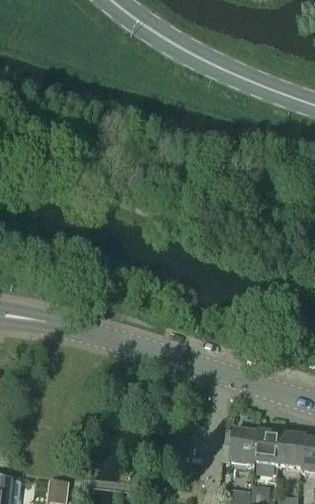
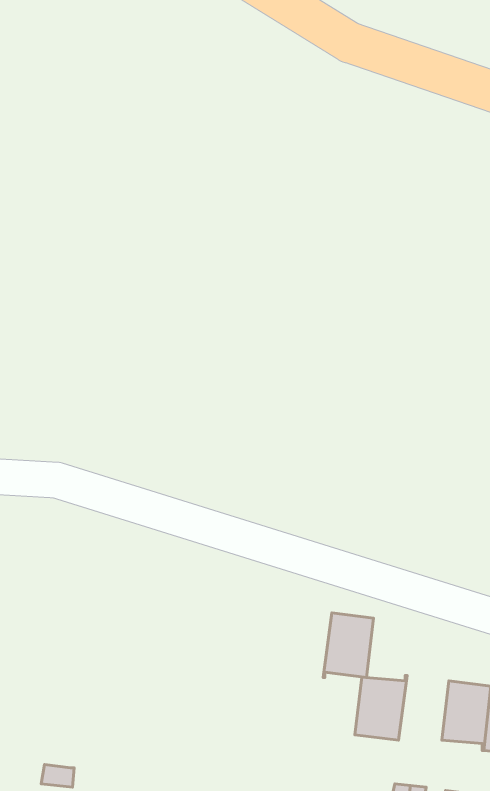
building: [253,427,282,464] -> [323,613,374,677]

